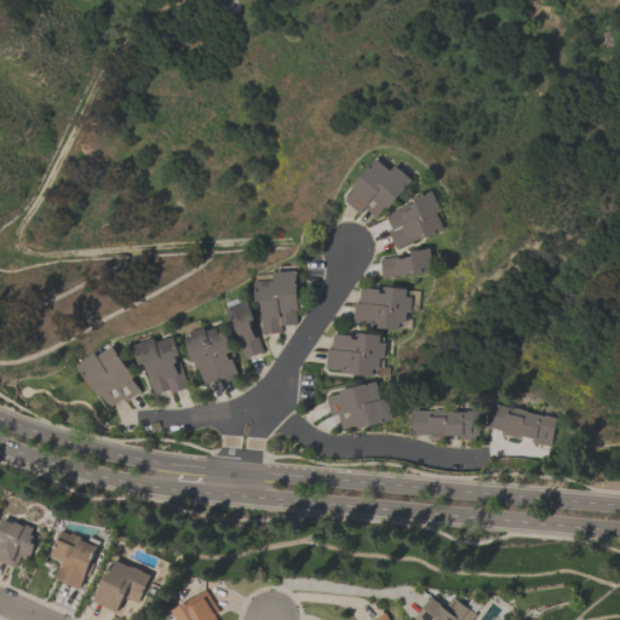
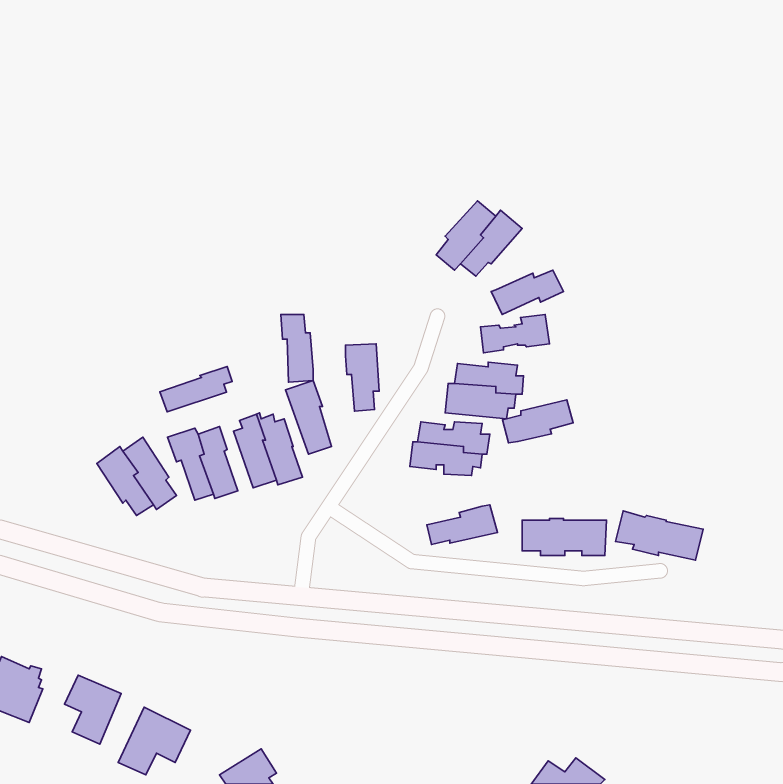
building: [385,190,441,229] -> none
building: [254,281,280,334] -> [281,315,313,382]
building: none -> [160,366,232,412]
building: [325,381,380,415] -> [502,400,573,443]

